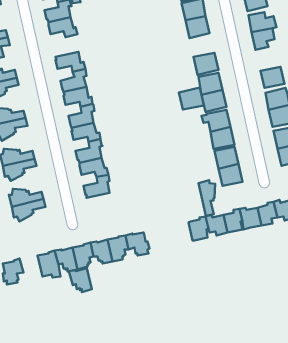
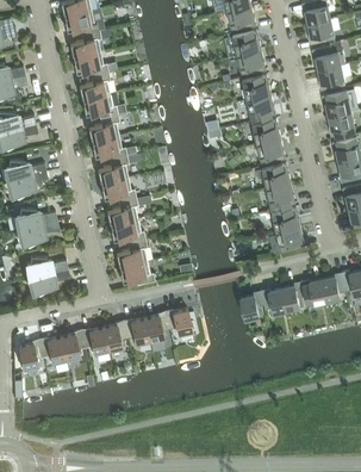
building: none -> [79,73,110,100]
building: none -> [322,91,350,117]
building: [179,88,204,110] -> [242,74,272,100]
building: [199,180,215,216] -> none
building: none -> [119,262,155,285]
building: [69,268,92,292] -> [39,337,67,366]

